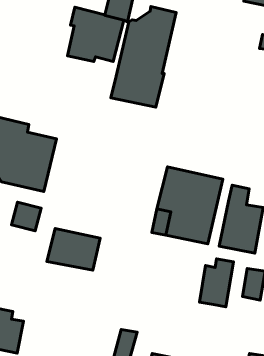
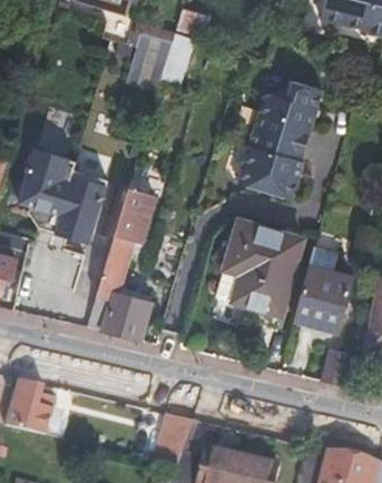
building: [111,7,176,107] -> [237,78,322,199]
building: none -> [99,187,160,292]
building: [200,259,233,307] -> none

